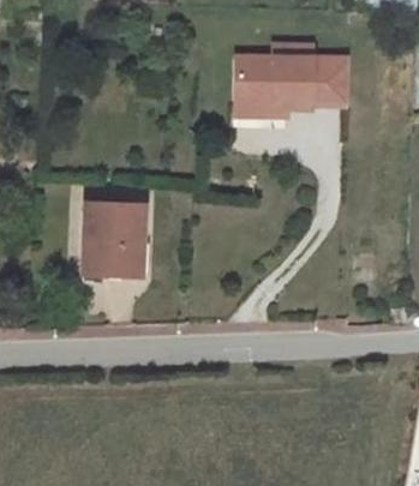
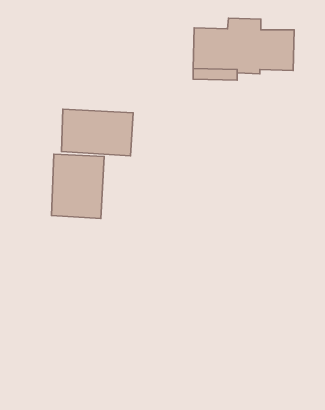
building: none -> [61,109,133,156]

